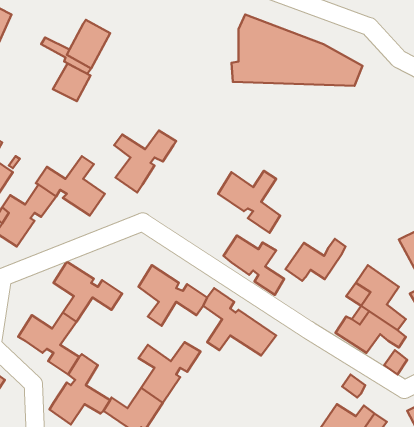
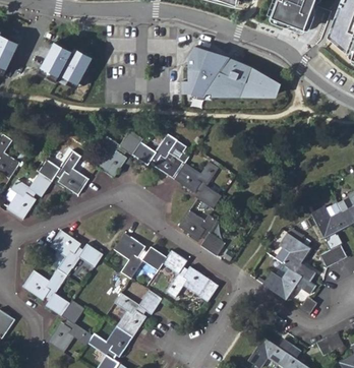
building: [53,63,90,101] -> [44,42,72,70]
building: none -> [132,135,189,179]
building: [286,239,346,281] -> none

